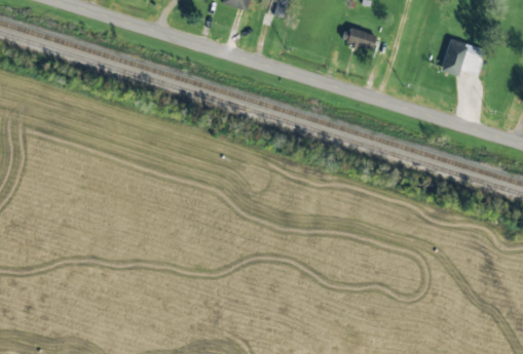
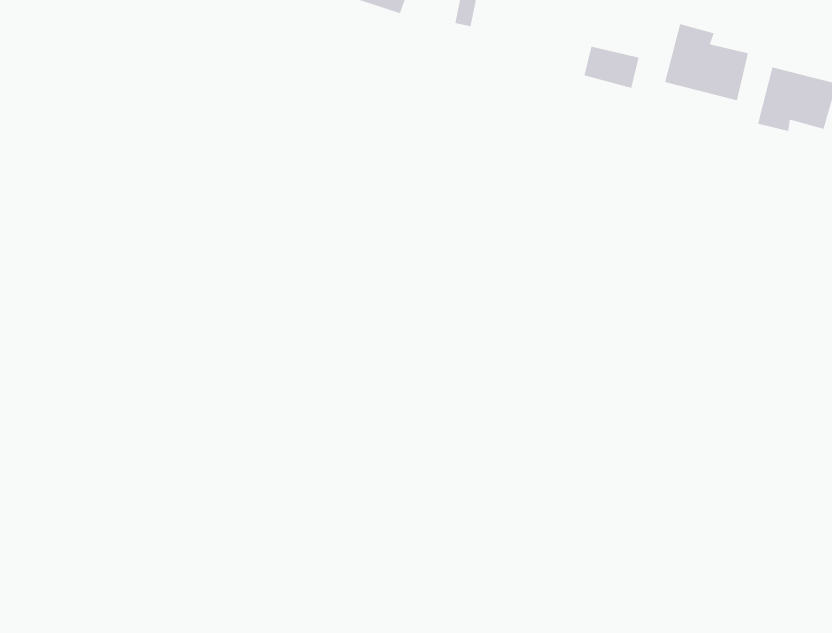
building: none -> [664,23,749,101]

